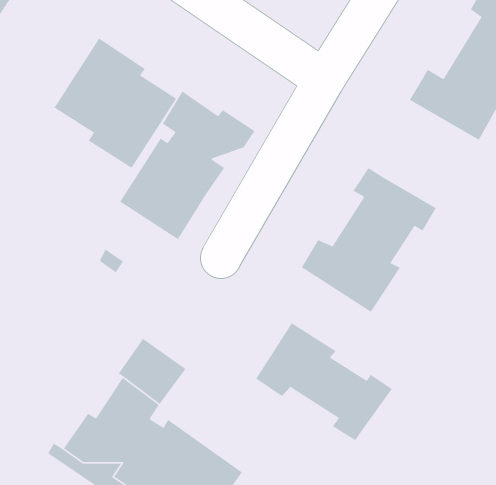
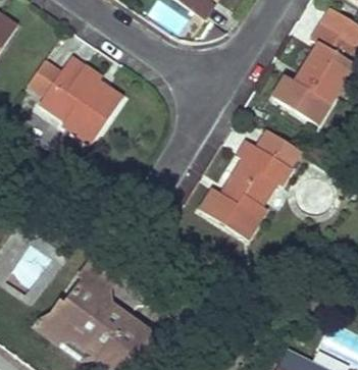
building: [119,90,255,240] -> none
building: none -> [256,127,301,166]
building: [255,322,393,441] -> none

